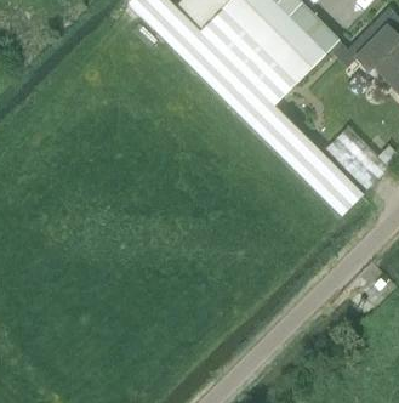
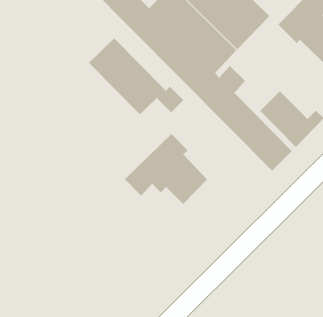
building: none -> [88,37,184,115]
building: none -> [124,133,208,205]

